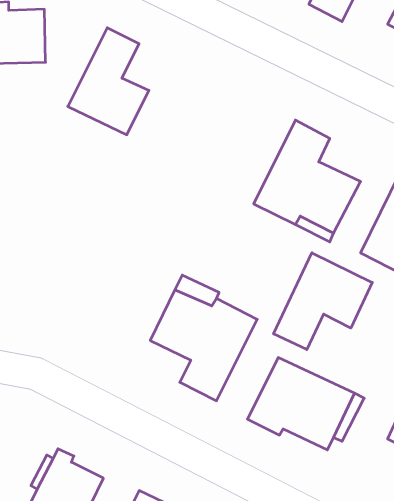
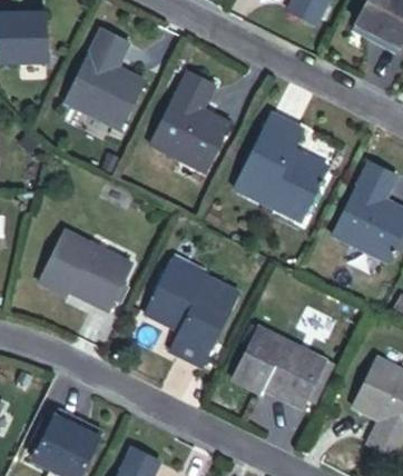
building: none -> [153,69,228,168]
building: none -> [39,230,131,308]
building: [274,253,372,350] -> none

